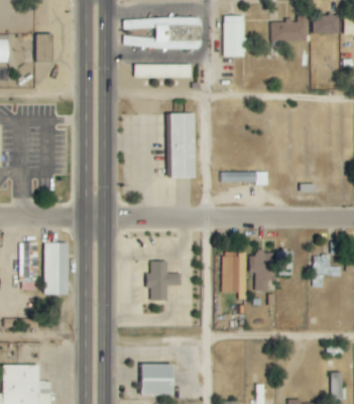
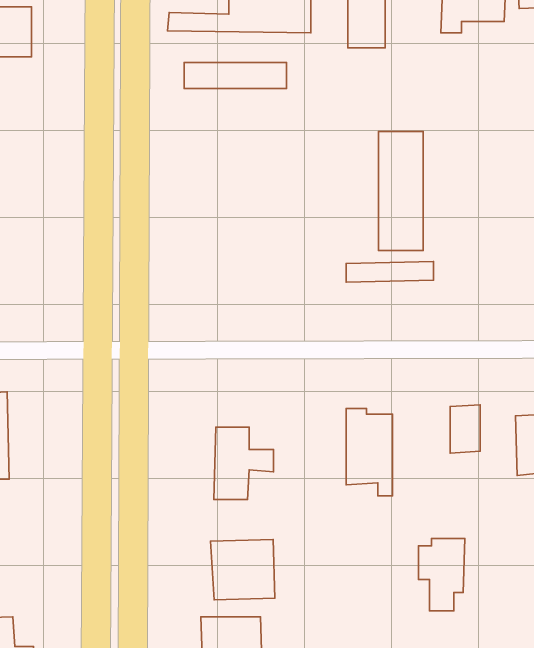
building: [168,112,193,177] -> [378,132,423,251]
building: [43,242,69,295] -> none
building: [248,251,273,291] -> [418,538,465,611]
building: none -> [210,539,275,600]

